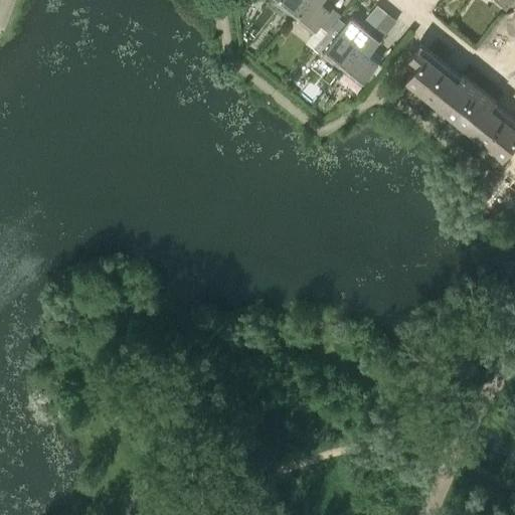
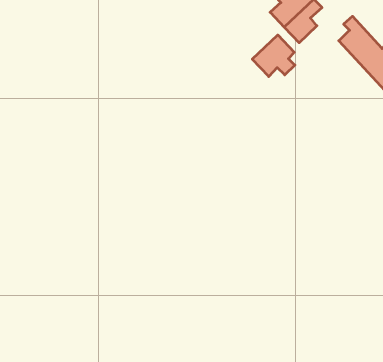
building: none -> [252,35,295,77]

